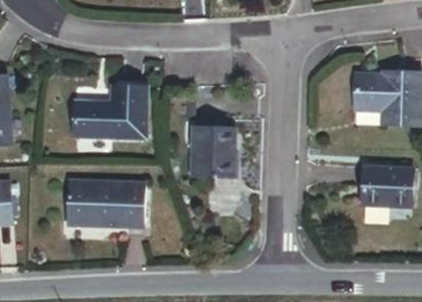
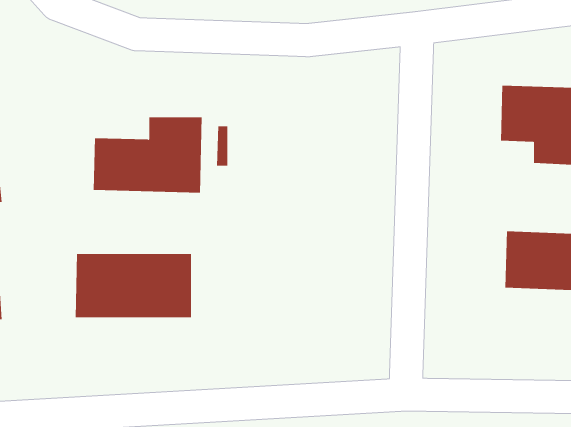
building: [194,128,239,178] -> none

